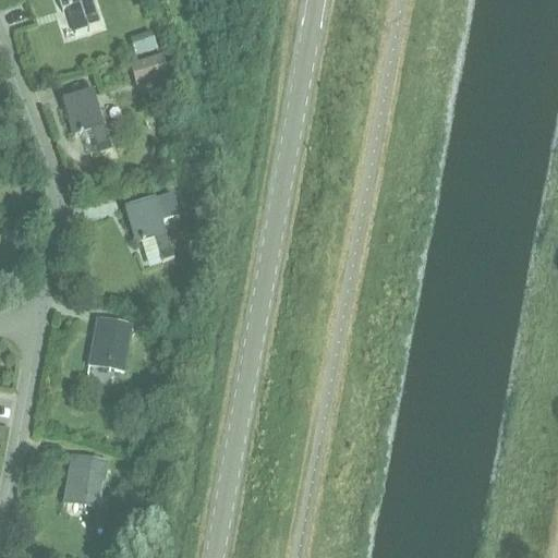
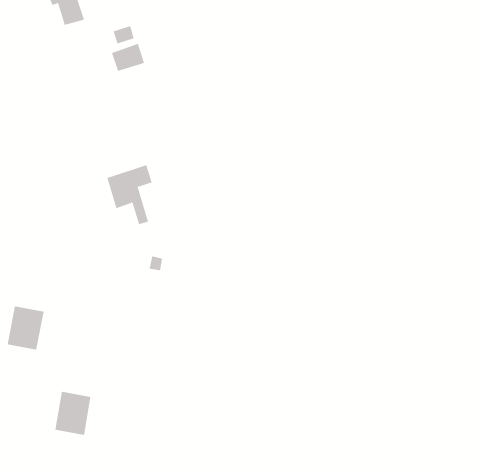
building: [62,88,111,153] -> none
building: [88,316,132,367] -> [7,306,44,350]

